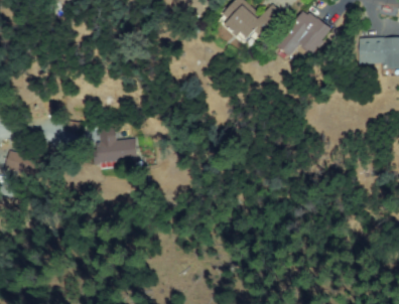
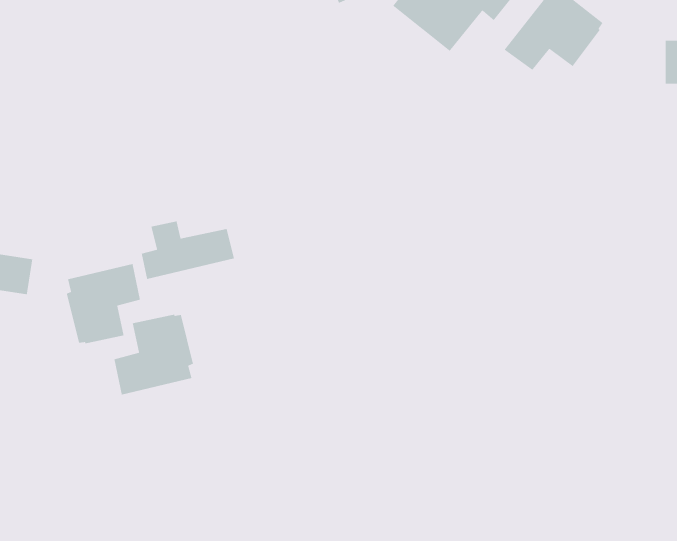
building: none -> [66,263,141,345]
building: none -> [114,313,194,395]

